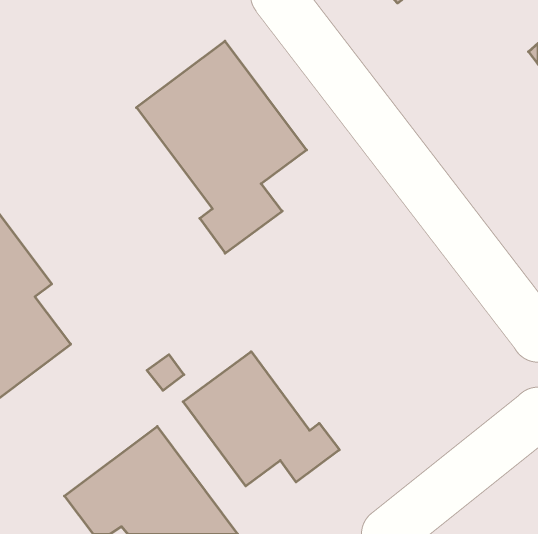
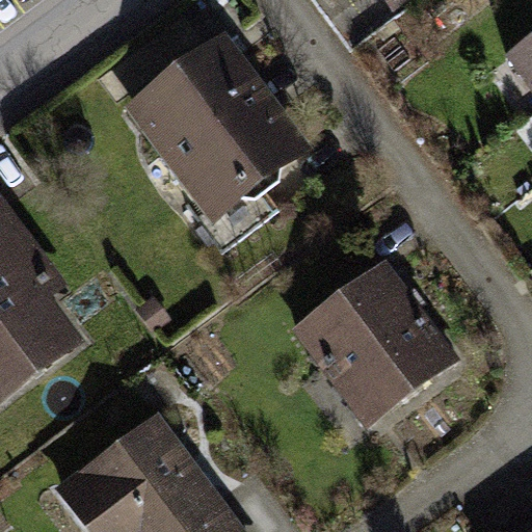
building: none -> [296,263,446,411]
building: [183,352,339,486] -> none

